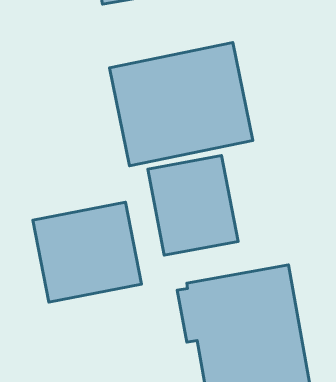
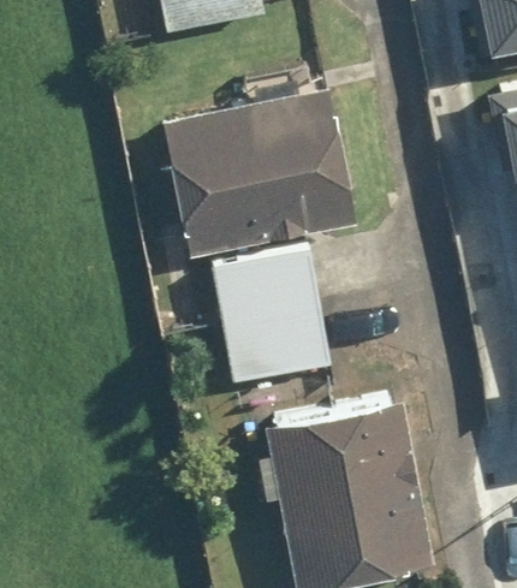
building: [33,202,142,302] -> none

